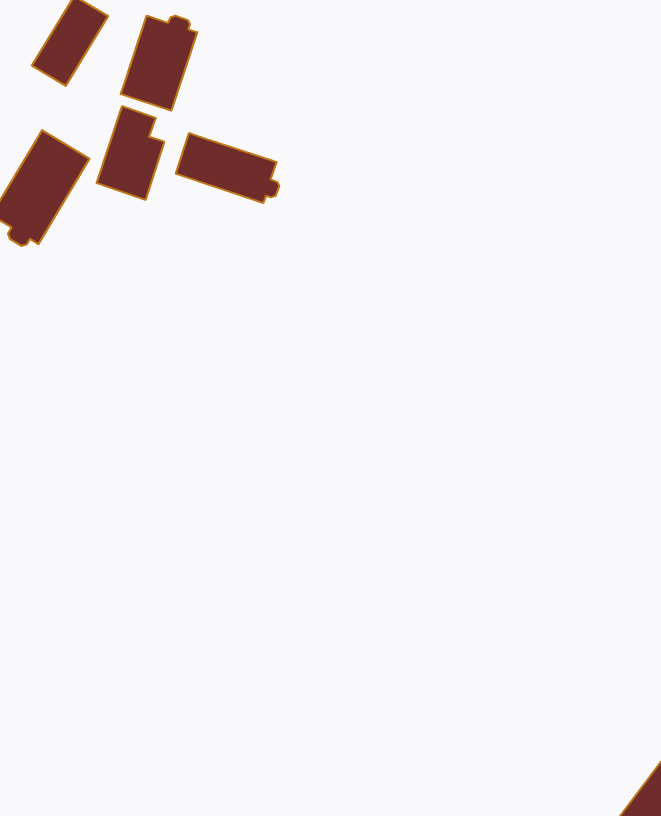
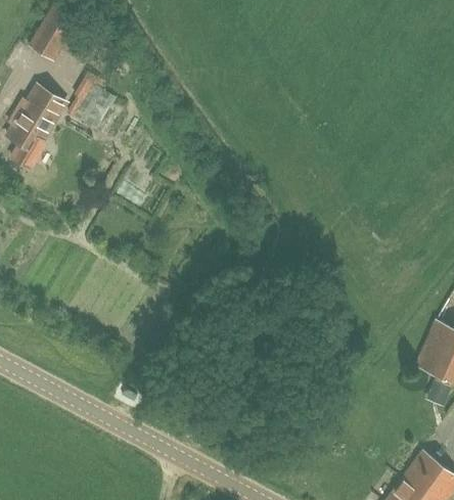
building: [121,16,197,111] -> none
building: [176,133,279,203] -> none

